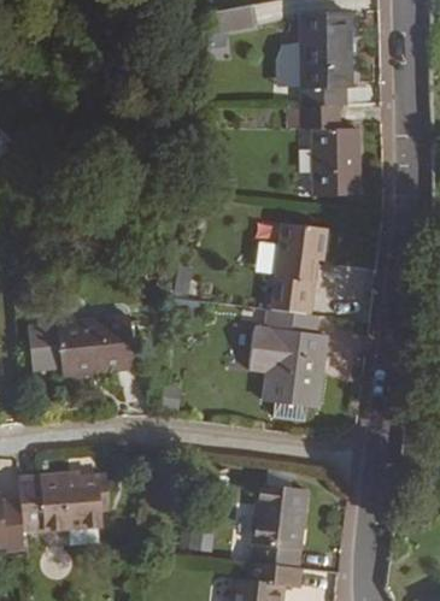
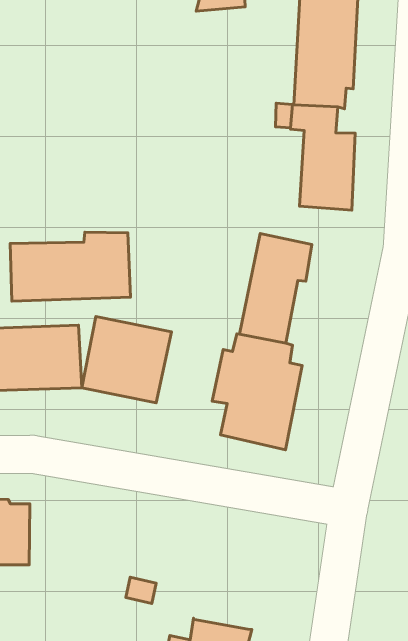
building: none -> [10,232,131,301]
building: none -> [82,317,172,403]
building: [251,483,307,567] -> none

